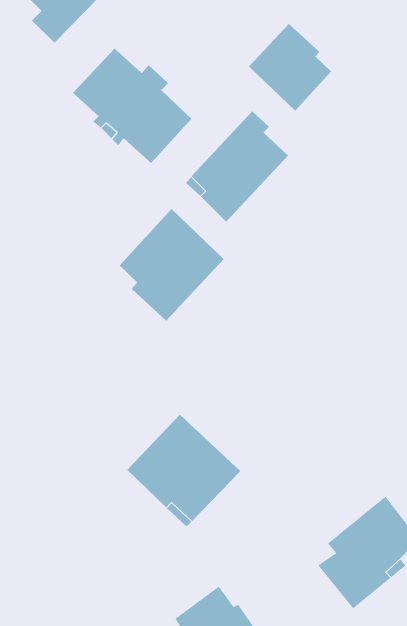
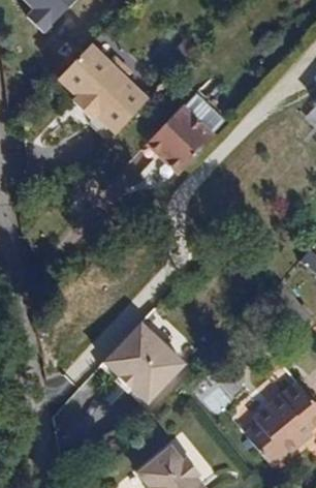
building: [248,23,332,111] -> none
building: [119,208,224,321] -> none

